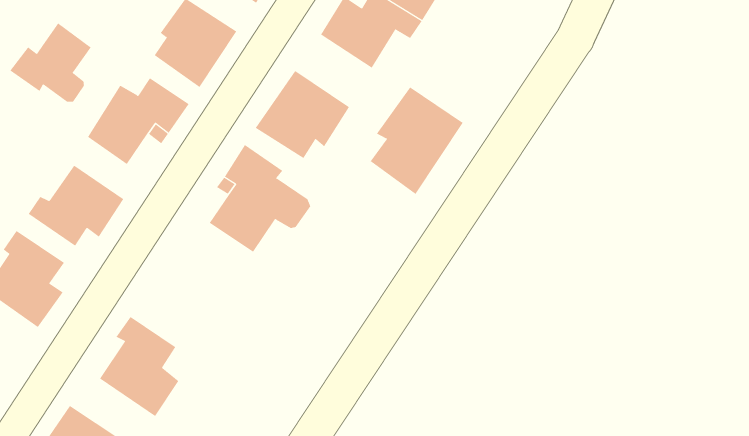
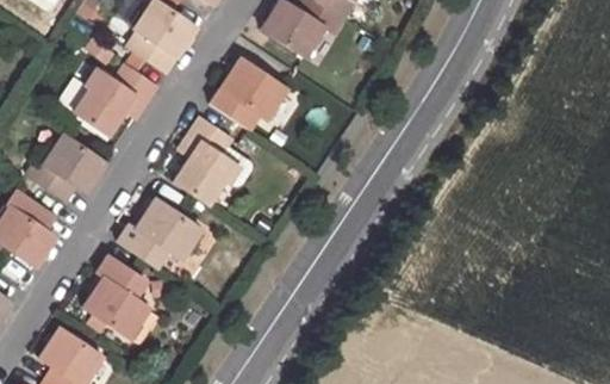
building: [10,23,92,102] -> none
building: [370,86,463,195] -> none
building: none -> [119,200,201,268]

